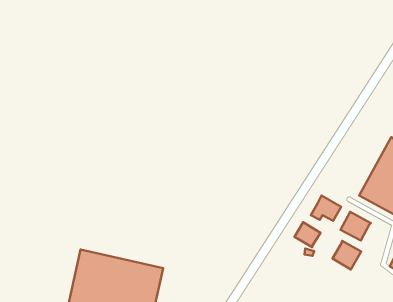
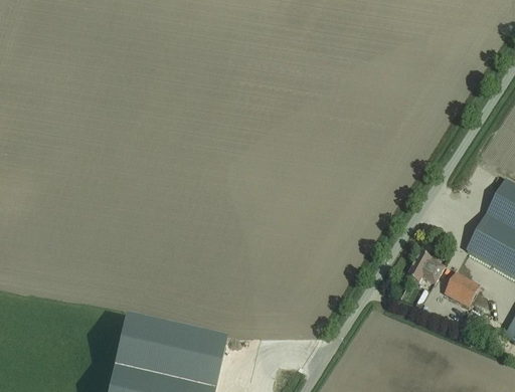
building: [294,222,320,247] -> none
building: [333,241,361,270] -> none

